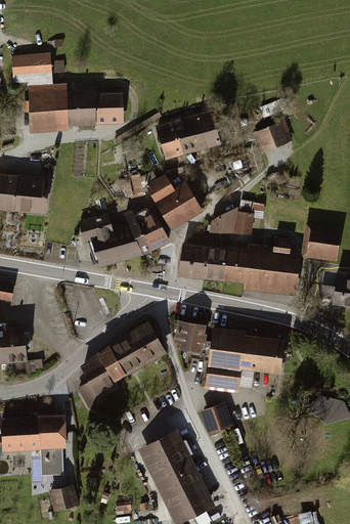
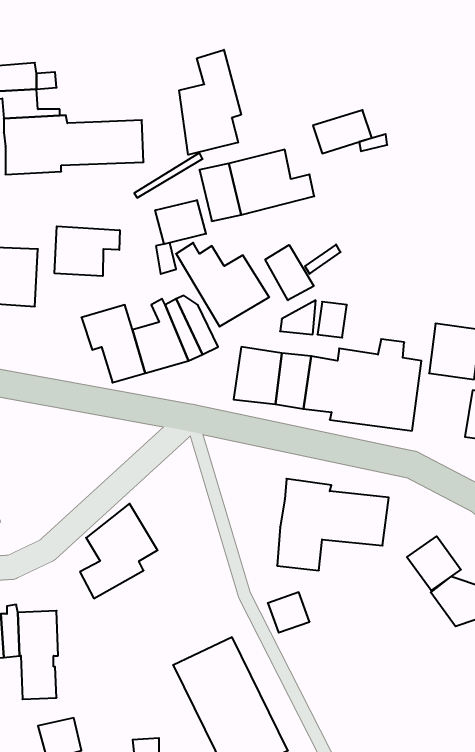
building: none -> [179,50,241,155]
building: [254,123,293,151] -> [313,110,372,153]
building: none -> [155,200,206,244]
building: none -> [55,226,120,276]
building: none -> [265,245,314,300]
building: [111,322,167,376] -> none
building: [176,322,213,360] -> none
building: none -> [407,536,461,591]

